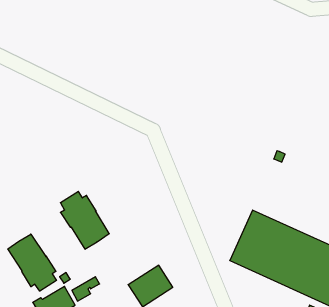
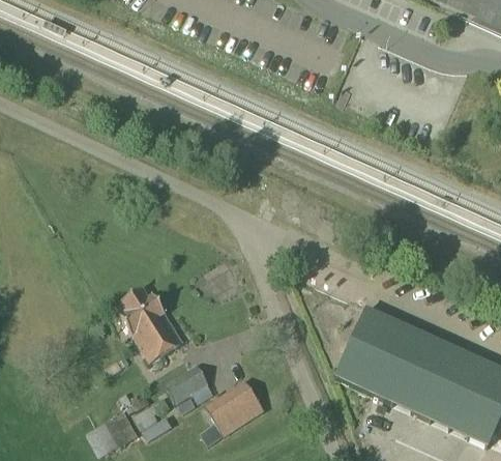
building: [8,234,56,291] -> none
building: none -> [165,362,214,403]

